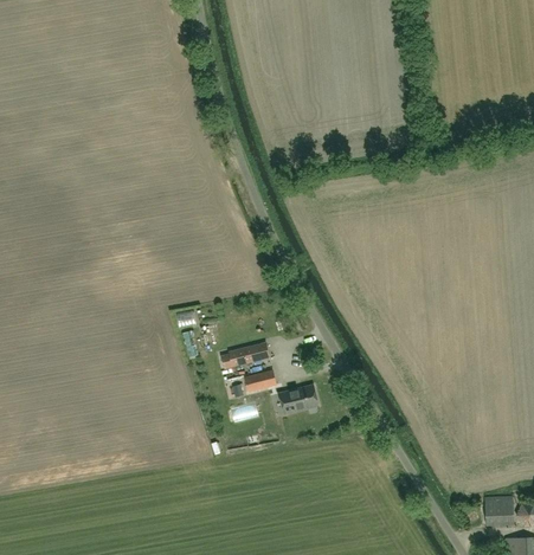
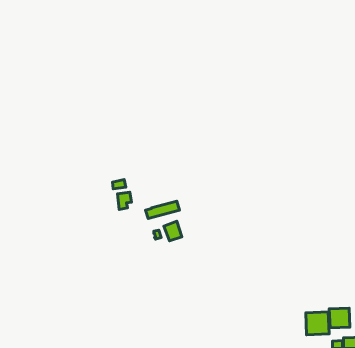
building: [281,385,320,413] -> none
building: none -> [306,312,329,335]

